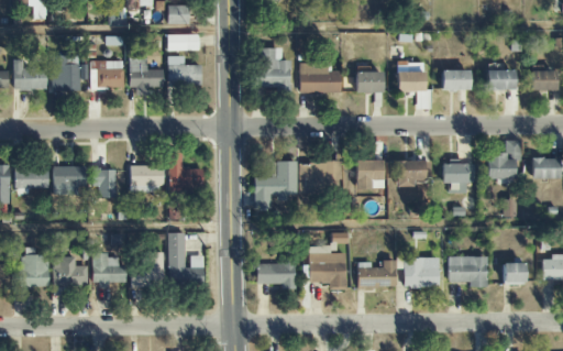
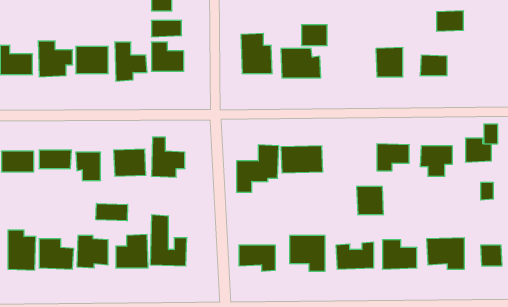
building: [487,69,515,90] -> [437,11,464,31]
building: [356,72,383,92] -> [301,25,327,45]
building: [356,160,384,188] -> [357,187,384,215]
building: none -> [96,203,128,221]

